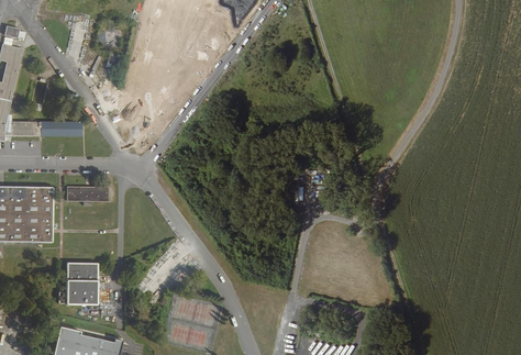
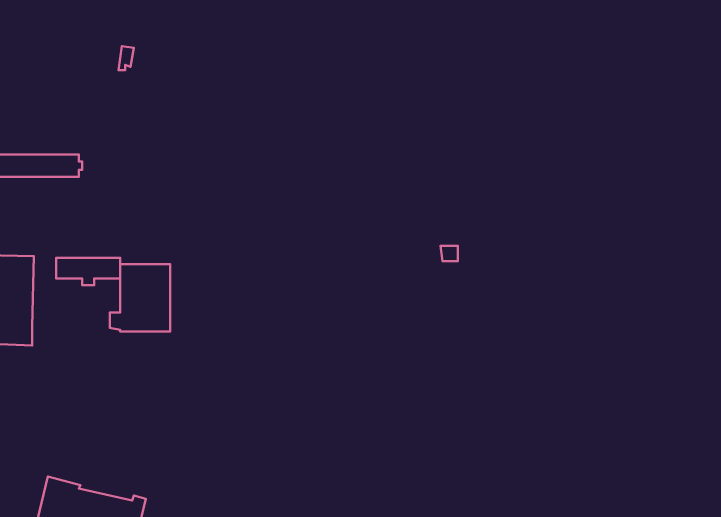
building: [57,263,96,306] -> [110,264,170,331]

